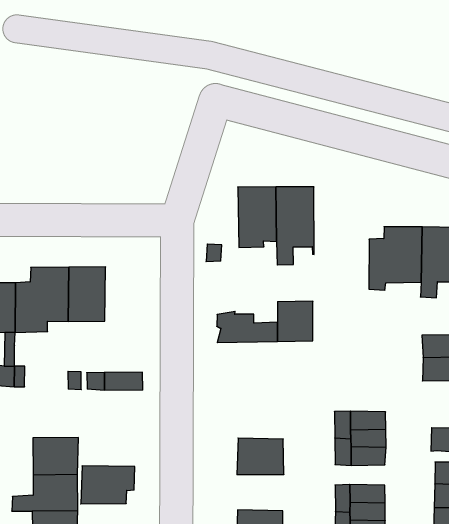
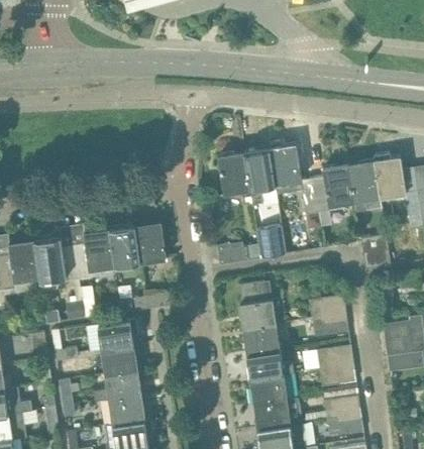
building: none -> [269,141,318,216]
building: none -> [134,222,166,262]
building: none -> [238,280,275,329]
building: [81,466,135,504] -> [99,319,137,350]
building: none -> [246,349,292,378]

